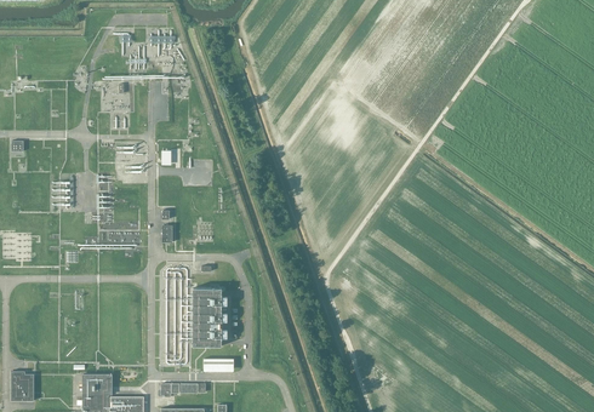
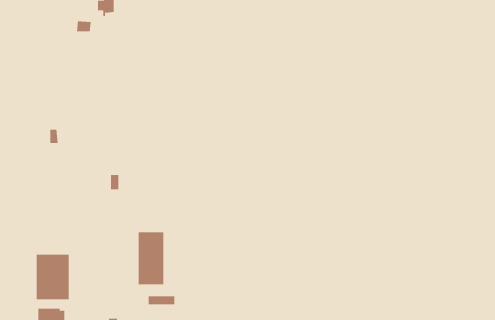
building: none -> [36,254,69,300]

